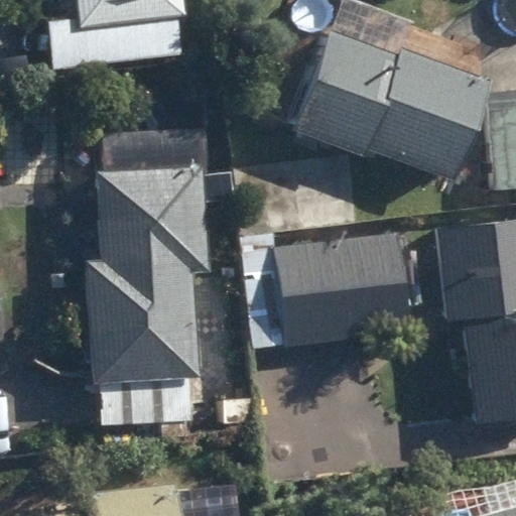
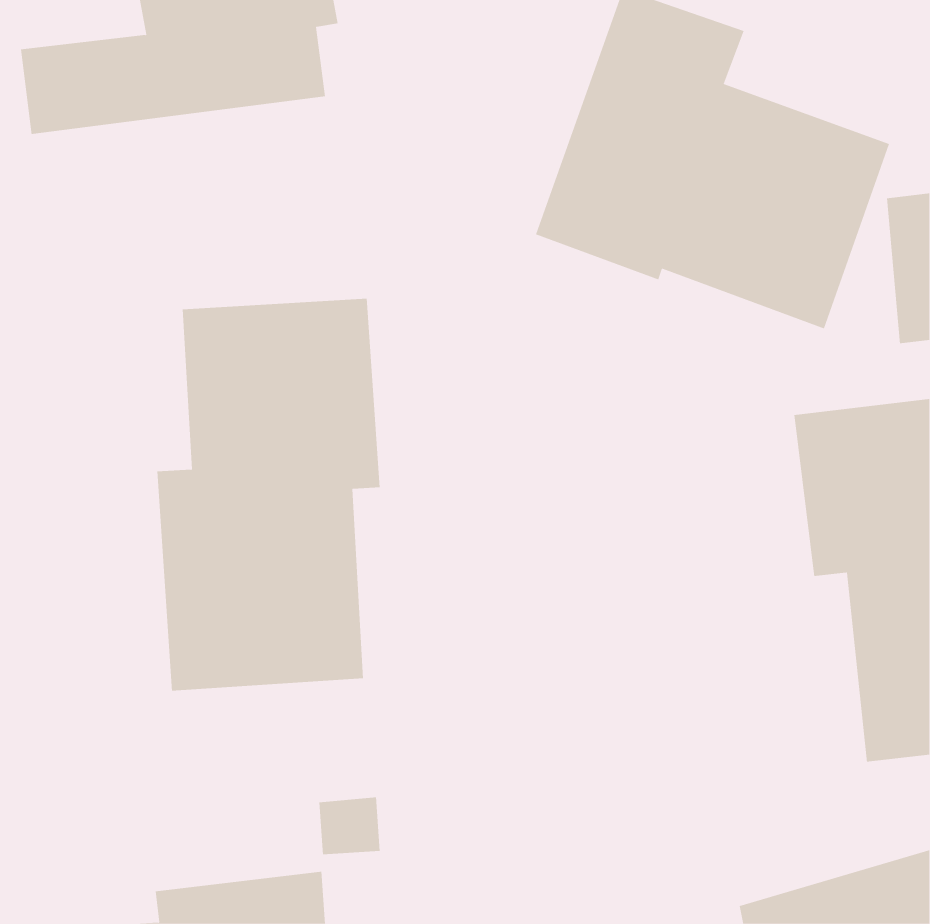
building: [244,232,410,347] -> none

